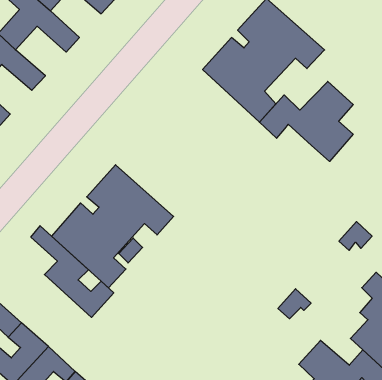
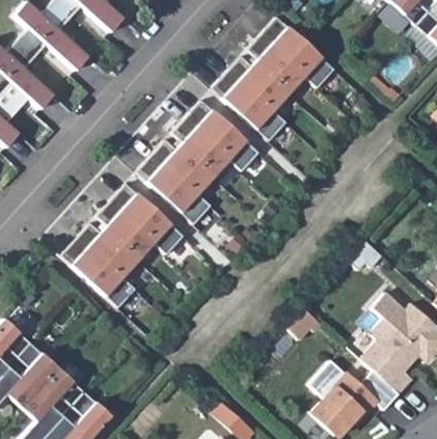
building: none -> [137,100,260,224]
building: [260,81,353,161] -> none
building: [31,226,114,317] -> none

